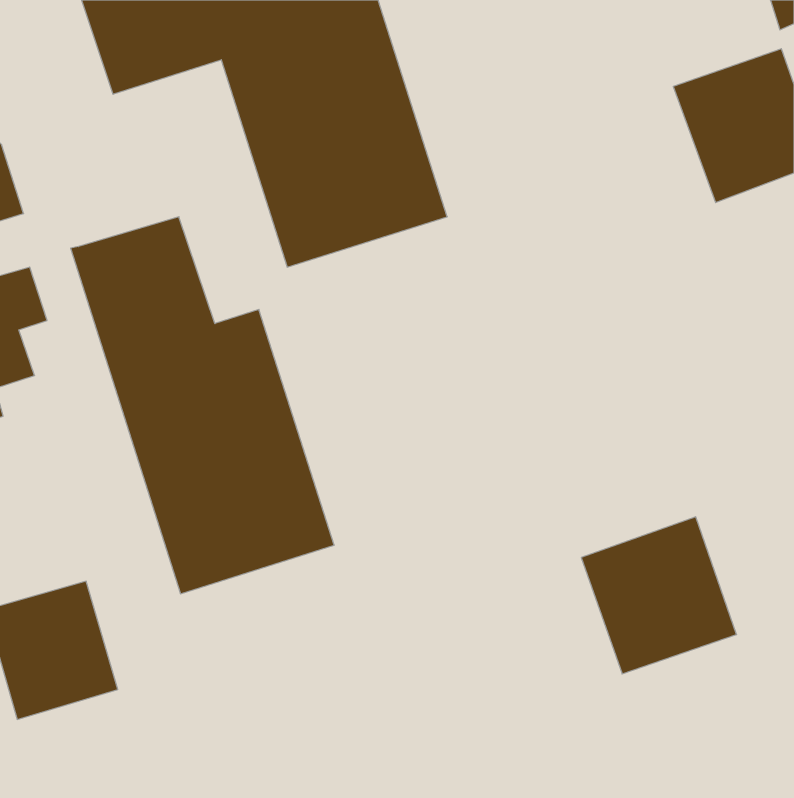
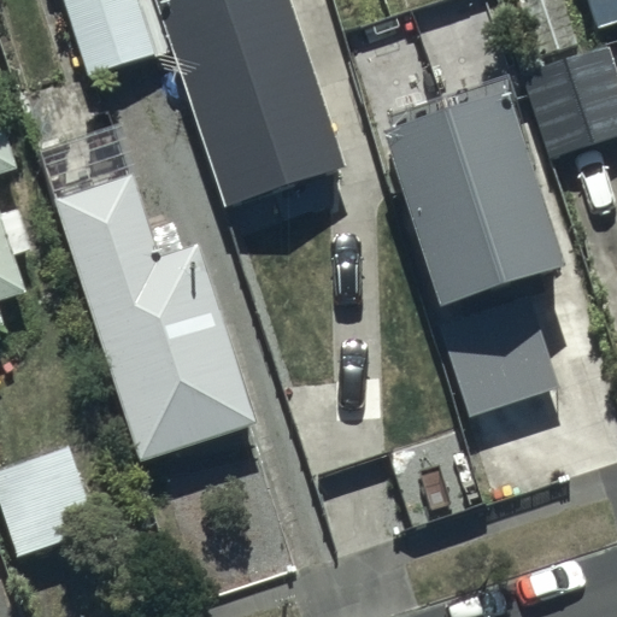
building: none -> [388,84,569,302]
building: [581,517,737,674] -> [437,294,557,415]

